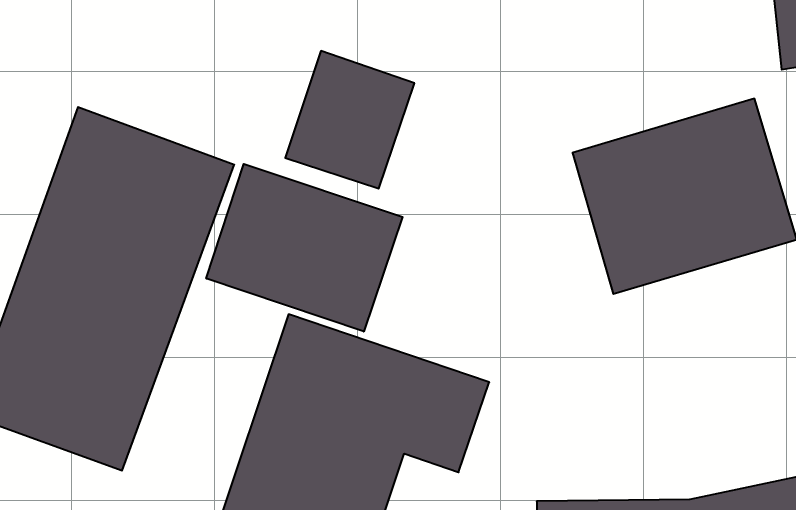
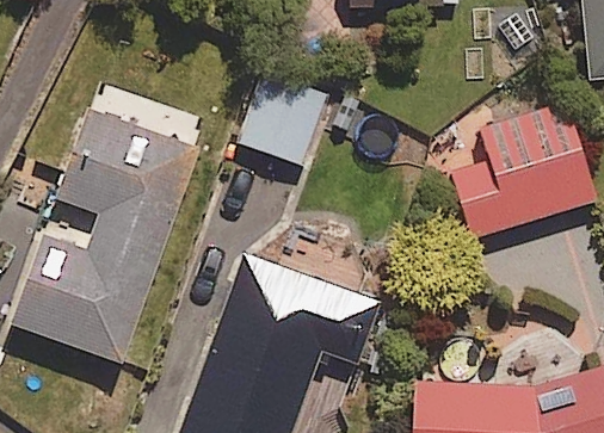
building: [206,164,403,332] -> none

